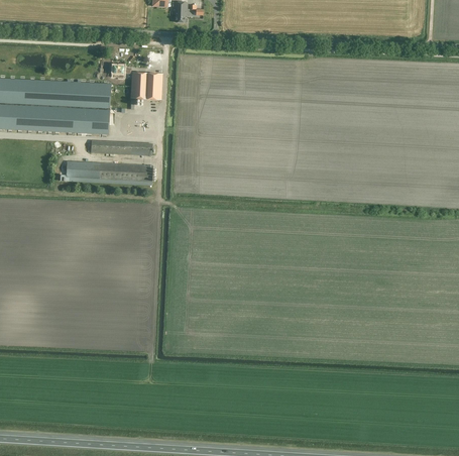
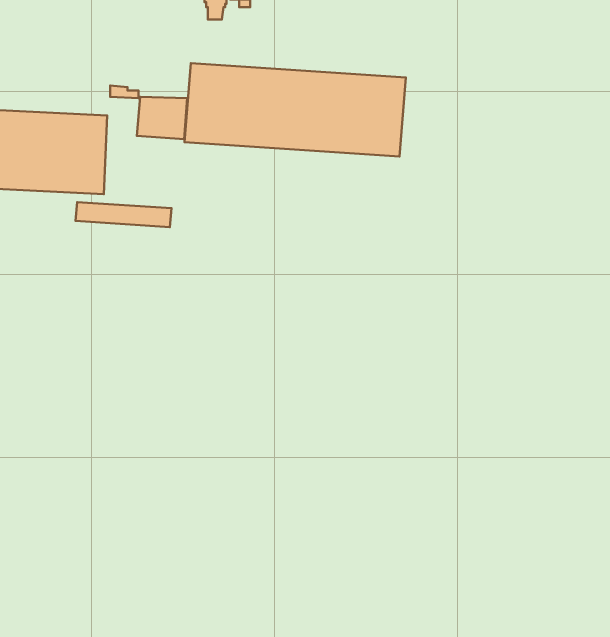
building: none -> [185,63,406,156]
building: [66,160,153,181] -> none

